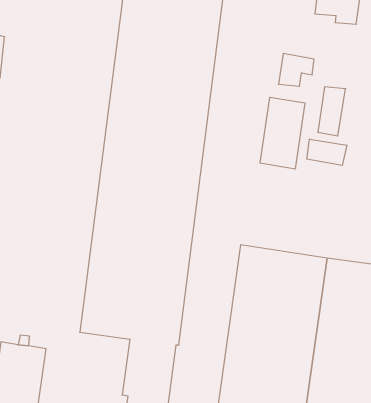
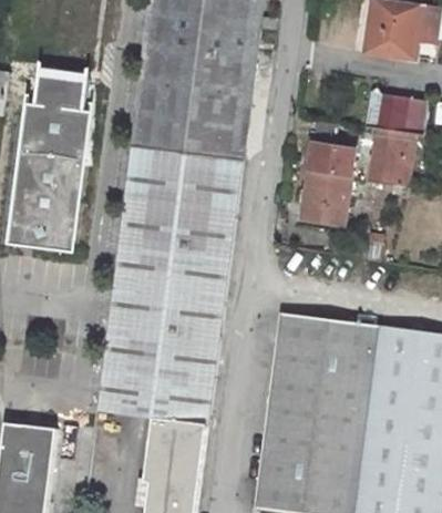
building: none -> [11,74,93,255]
building: [278,53,314,86] -> [377,94,418,132]
building: [307,139,347,165] -> none

